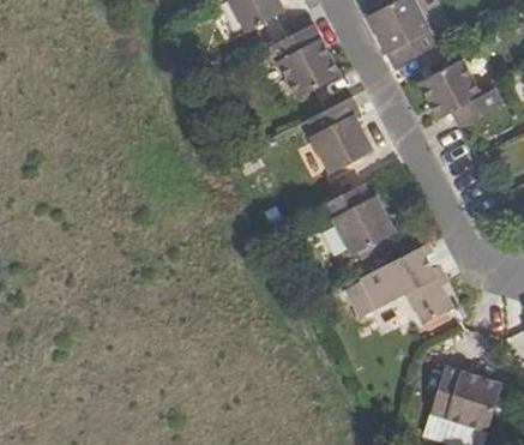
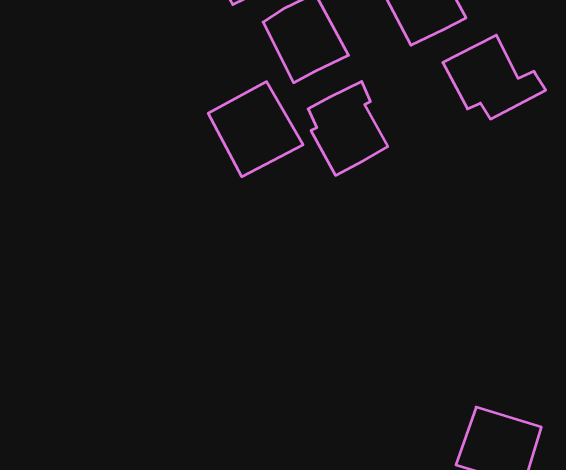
building: none -> [208,82,303,177]
building: [319,184,394,257] -> none
building: [360,242,453,324] -> none

